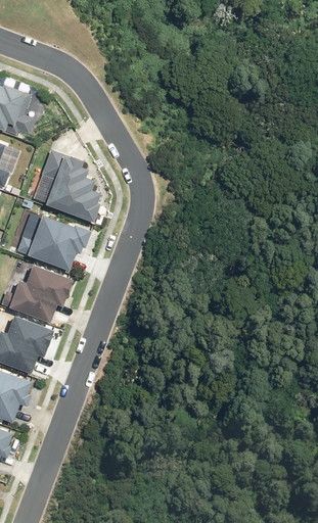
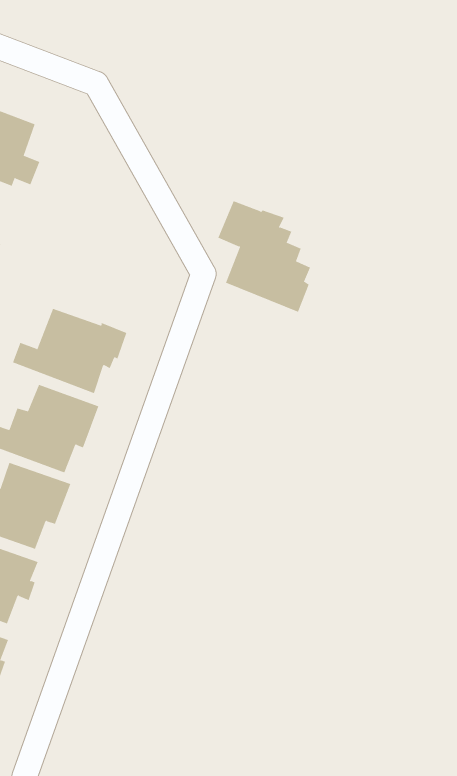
building: [40,149,101,223] -> [218,200,311,312]

